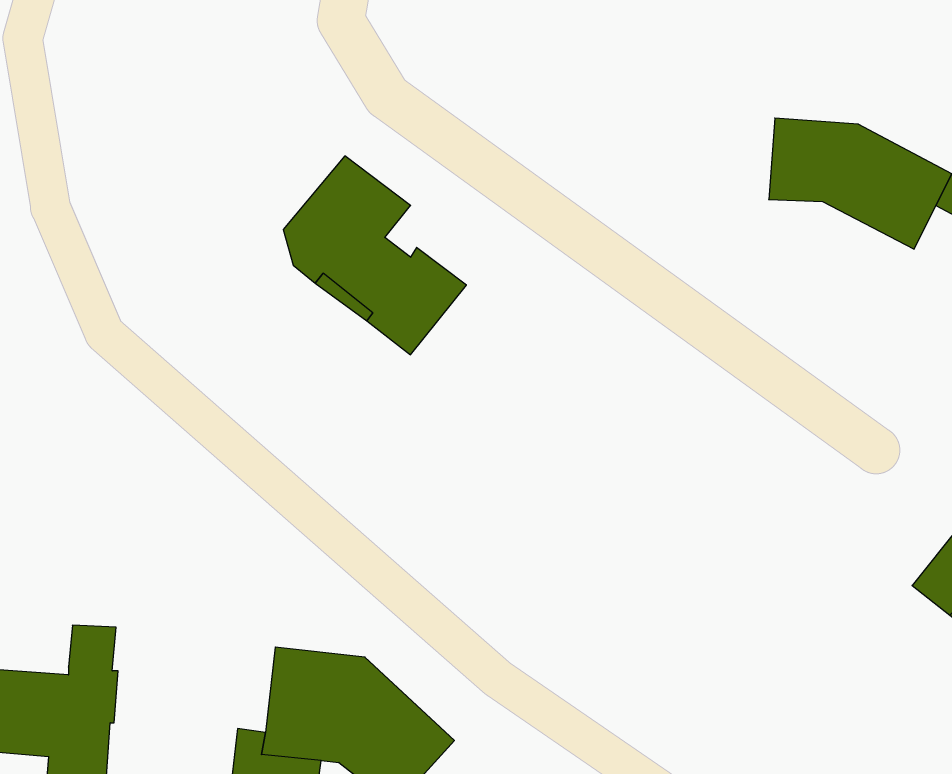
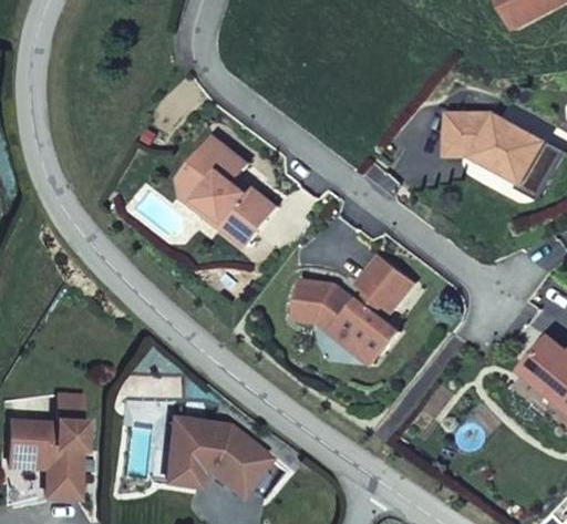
building: none -> [296,258,415,366]

